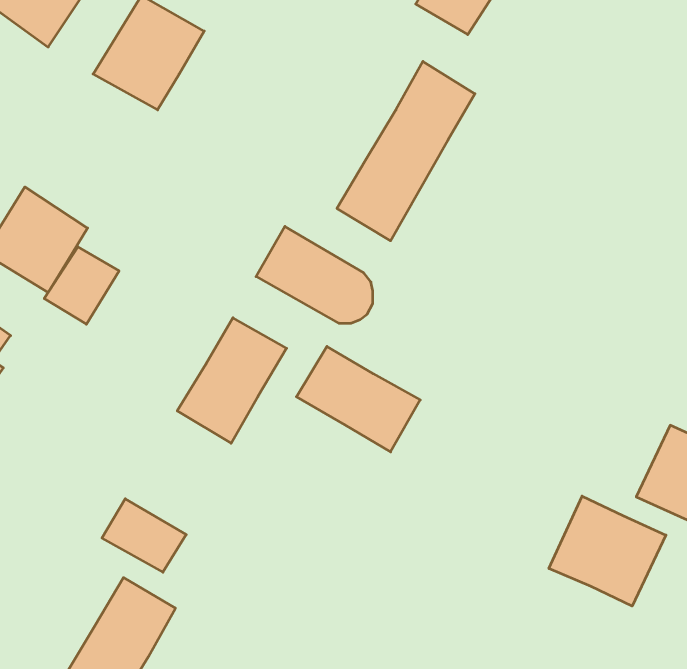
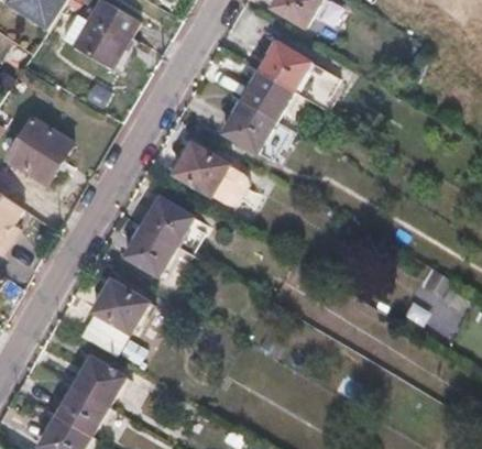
building: [44,247,119,324] -> none
building: [296,346,420,452] -> none
building: none -> [92,280,147,331]
building: [549,496,666,606] -> none

